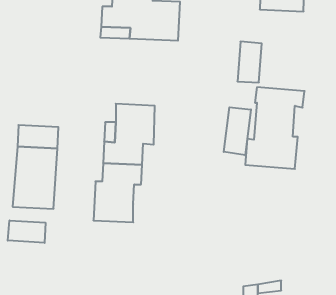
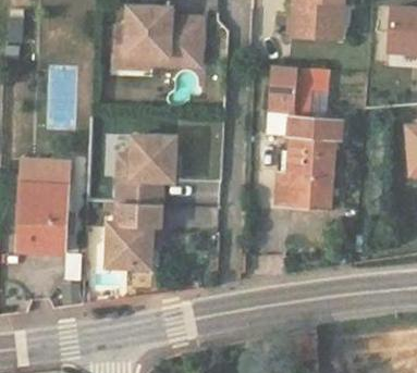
building: none -> [292,67,328,112]
building: [224,107,251,155] -> none
building: [8,220,45,243] -> none

